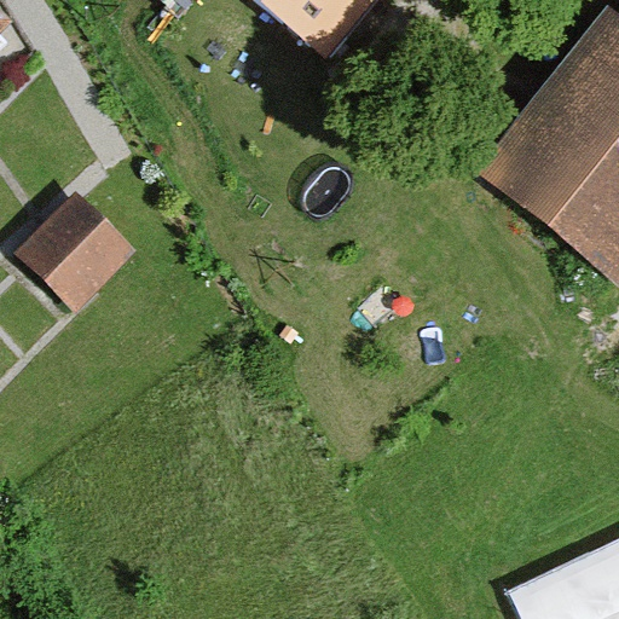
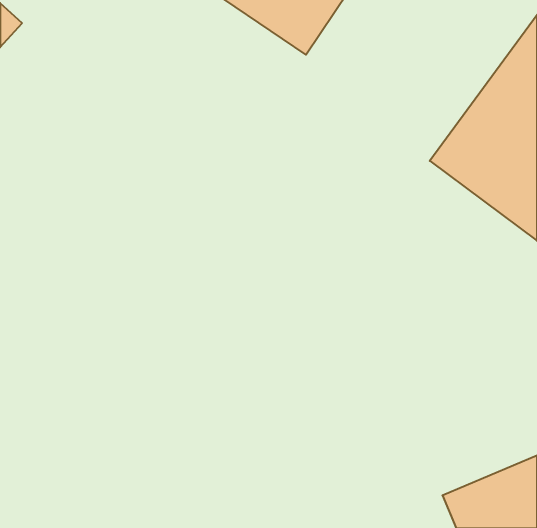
building: [22,202,133,312] -> none

